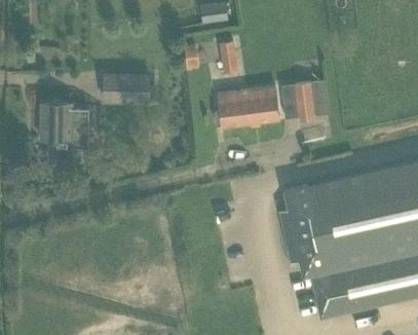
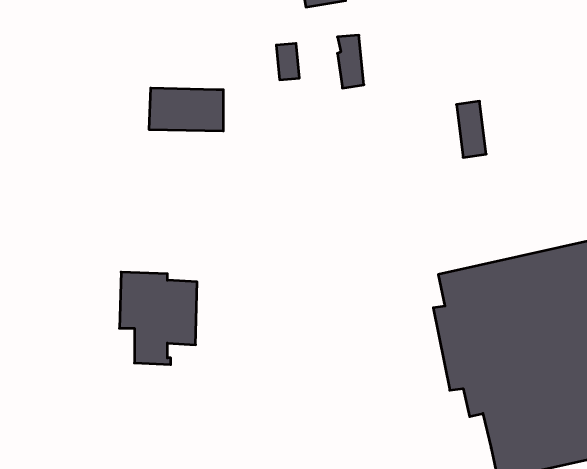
building: [218,86,279,127] -> none
building: [41,105,89,162] -> [119,272,197,365]

